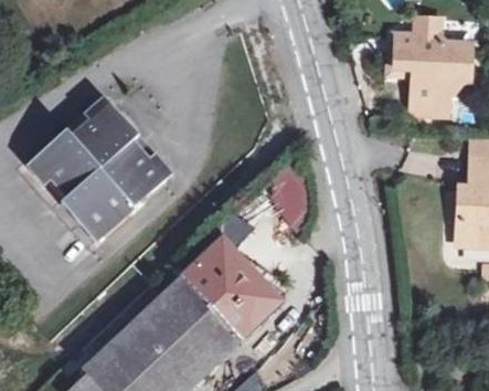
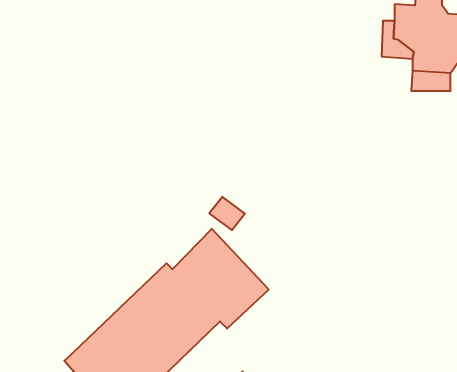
building: [34,103,168,243] -> none

